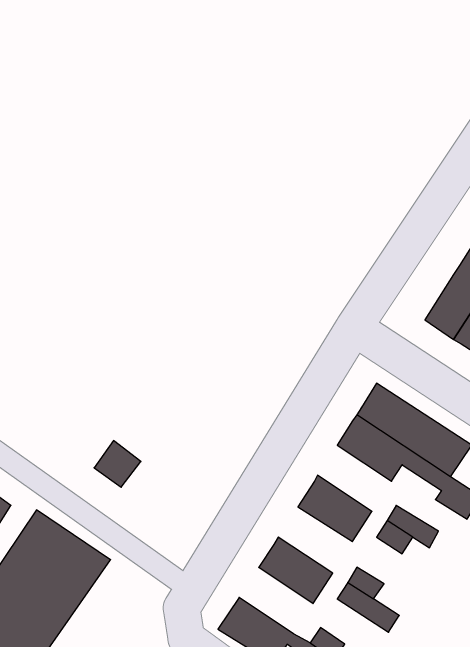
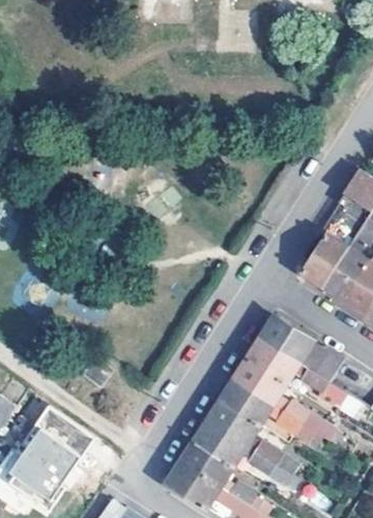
building: none -> [232,357,283,403]
building: none -> [205,400,256,445]
building: none -> [178,441,229,487]

